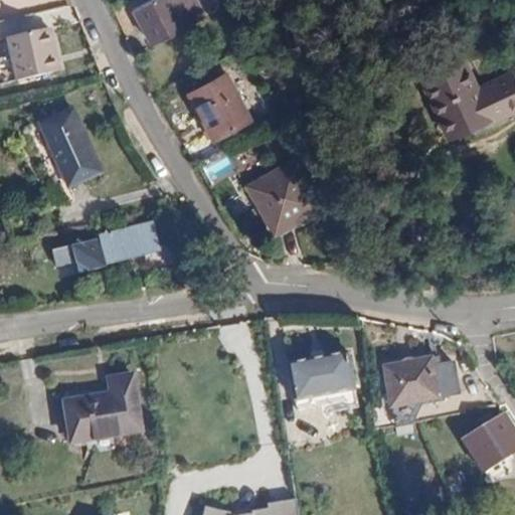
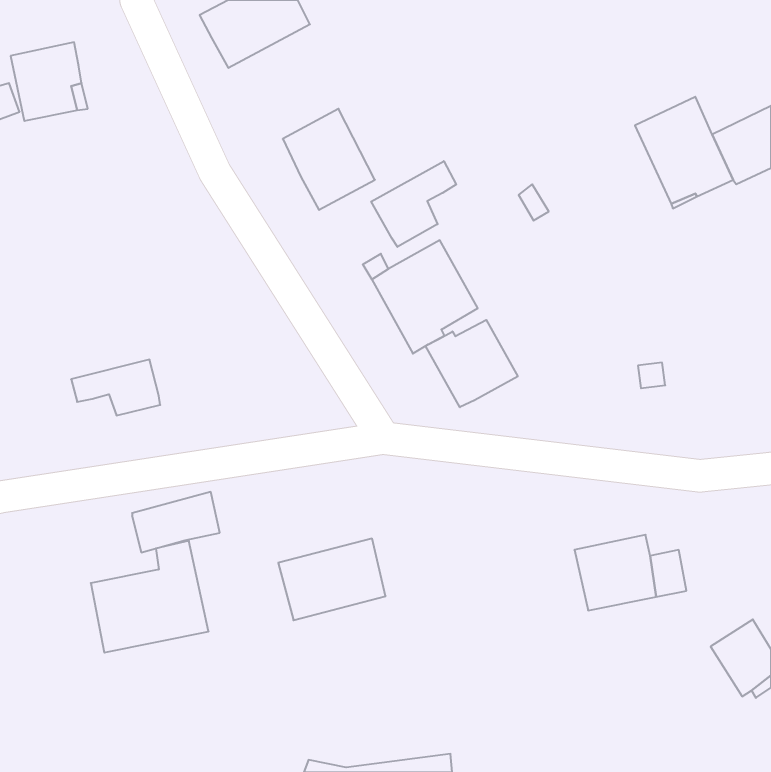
building: none -> [371,161,456,247]
building: [39,110,101,188] -> none
building: none -> [425,320,518,407]
building: [100,223,158,264] -> [132,492,220,552]
building: [289,350,360,404] -> [278,539,386,620]

